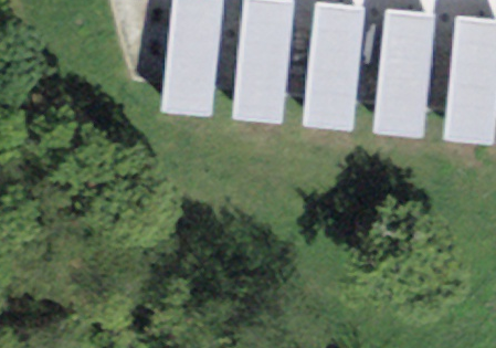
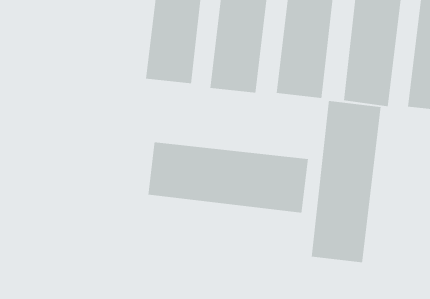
building: none -> [311,100,381,263]
building: none -> [148,141,308,214]

